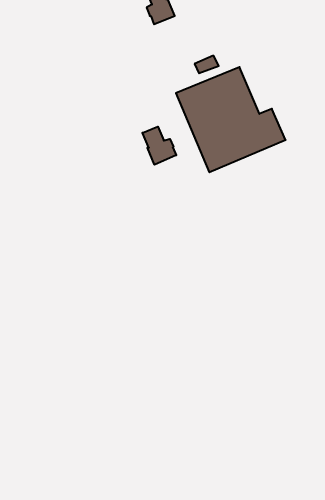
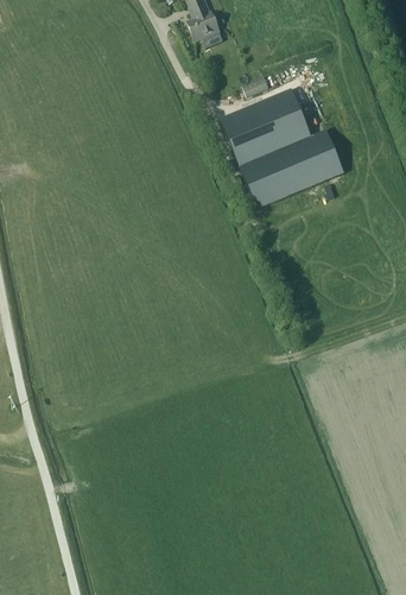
building: [142,127,176,165] -> none

